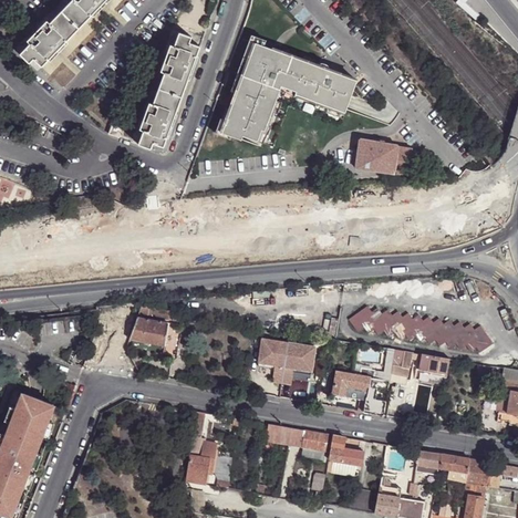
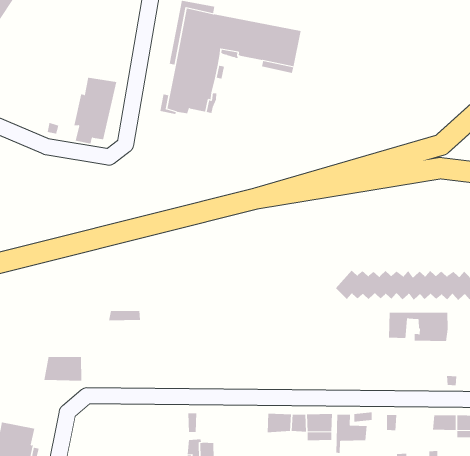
building: [155,32,200,99] -> none
building: [356,138,412,173] -> none
building: [128,318,167,345] -> [43,356,82,381]
building: [259,338,313,383] -> none
building: [332,372,385,415] -> none

